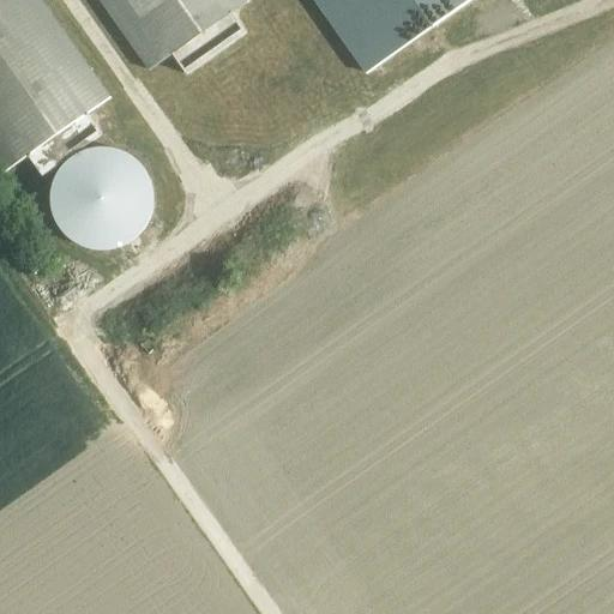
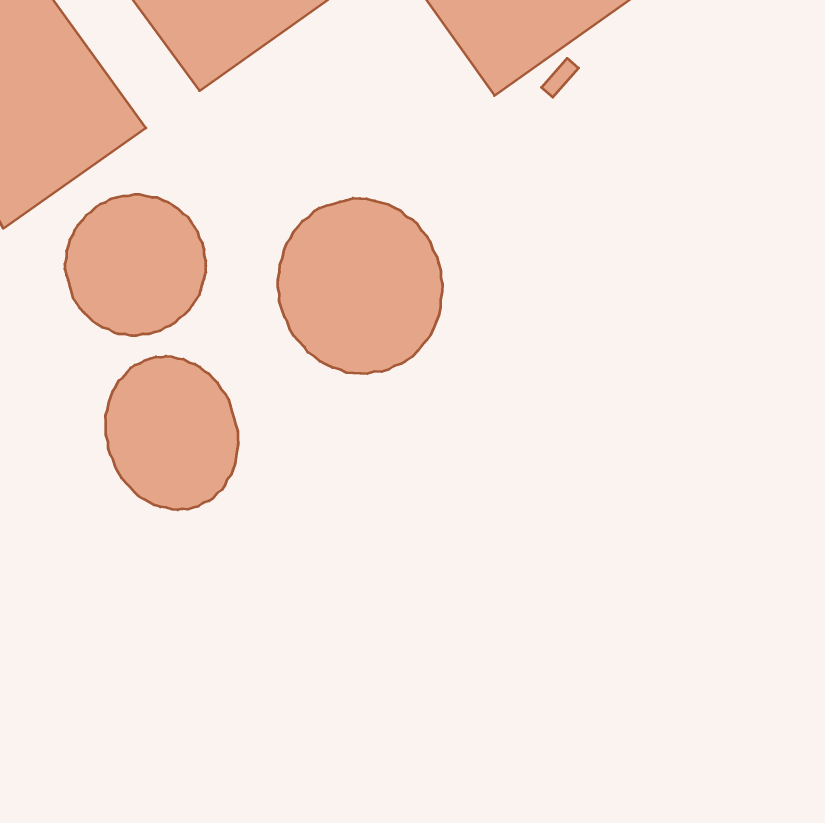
building: none -> [278,198,442,374]
building: none -> [106,356,238,510]

